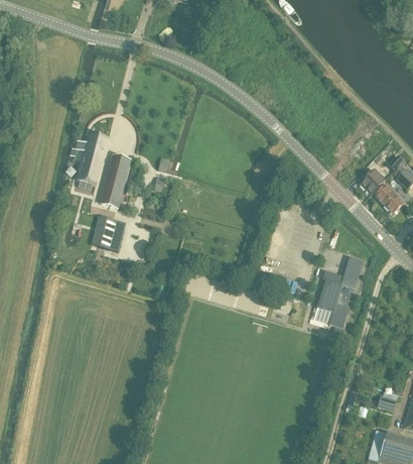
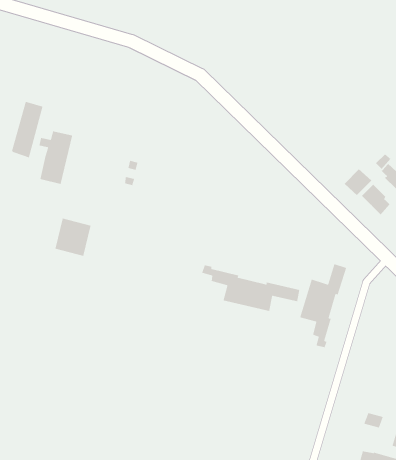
building: [100,154,130,208] -> [11,101,44,158]
building: none -> [201,265,300,312]

